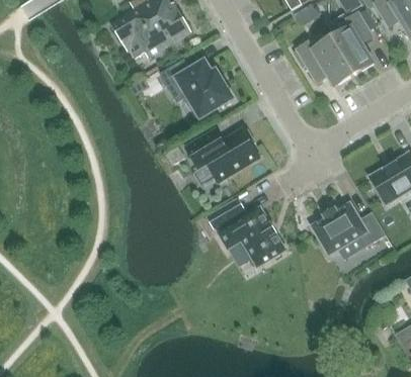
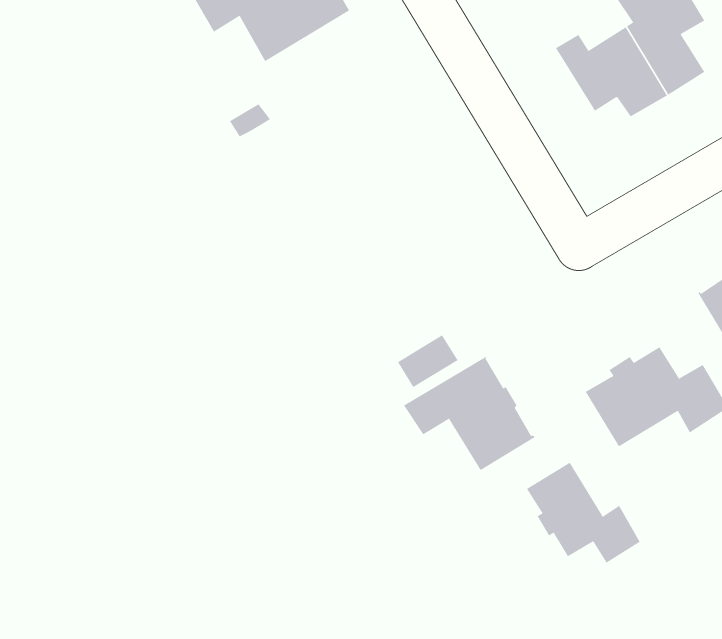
building: [161,61,232,119] -> none
building: [186,122,260,182] -> none
building: none -> [526,462,641,563]

